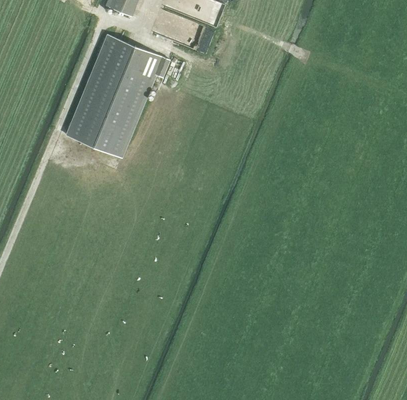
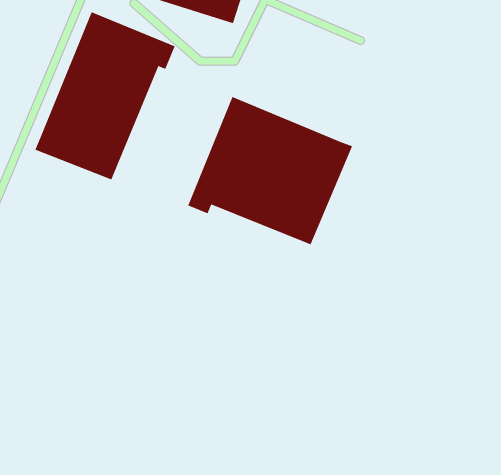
building: none -> [187,96,353,245]

